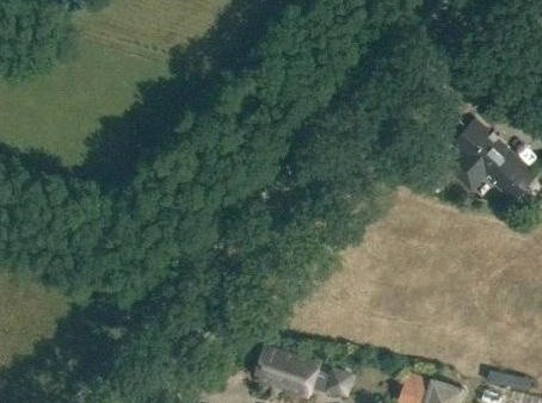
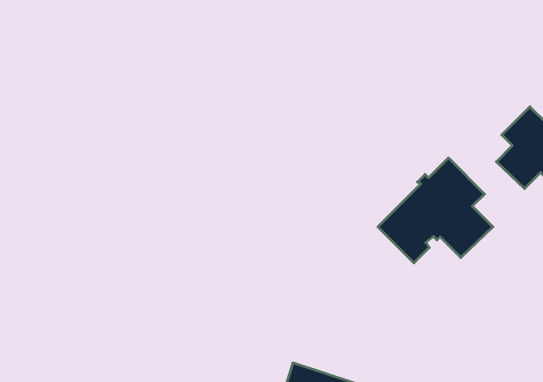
building: none -> [378,158,493,263]

